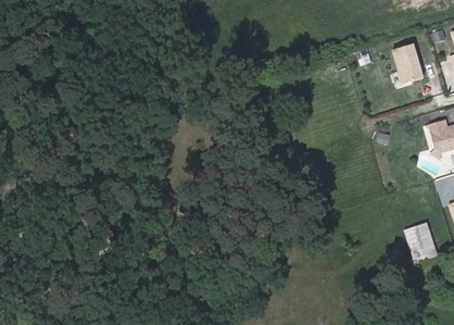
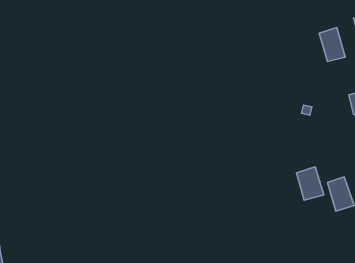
building: none -> [296,167,324,200]

